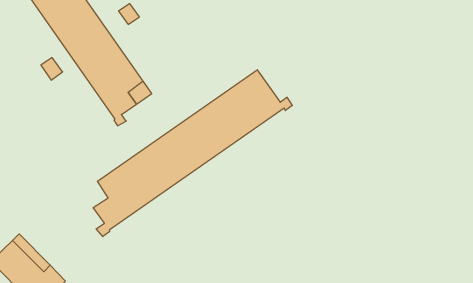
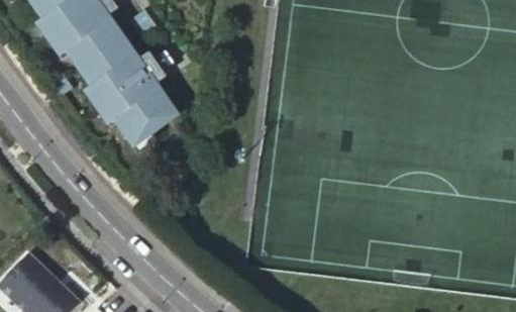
building: [93,70,292,237] -> none

